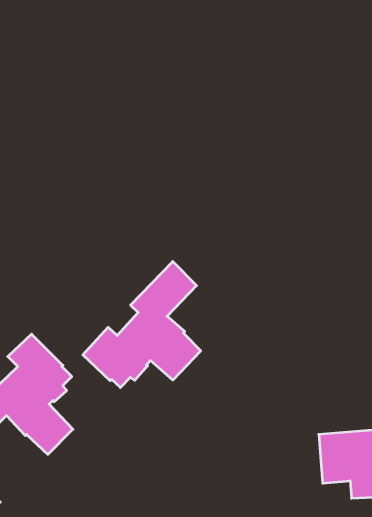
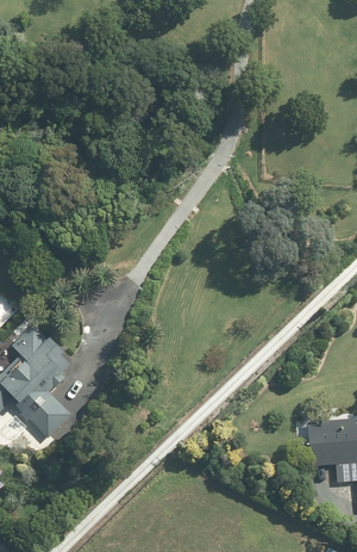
building: [83,261,201,388] -> none

